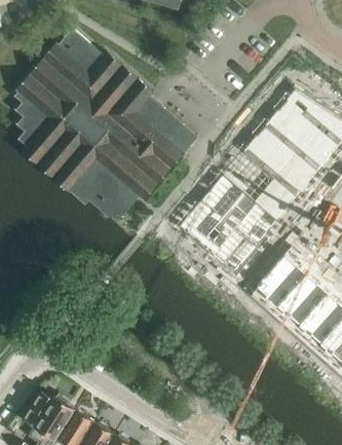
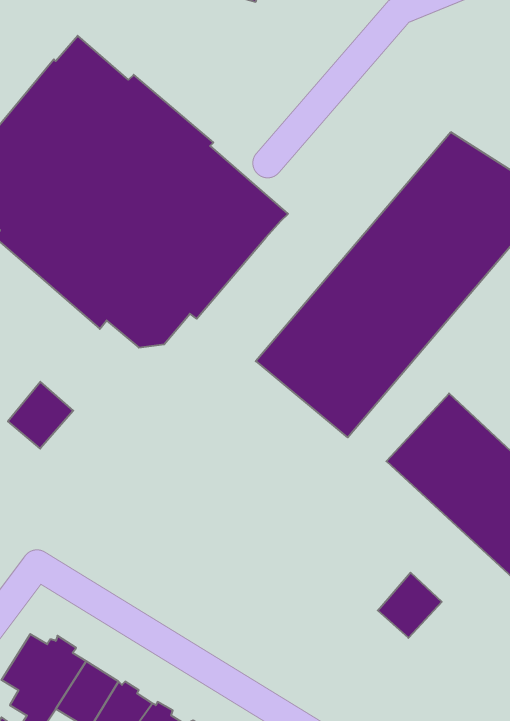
building: none -> [8,382,73,449]
building: none -> [378,573,442,638]

